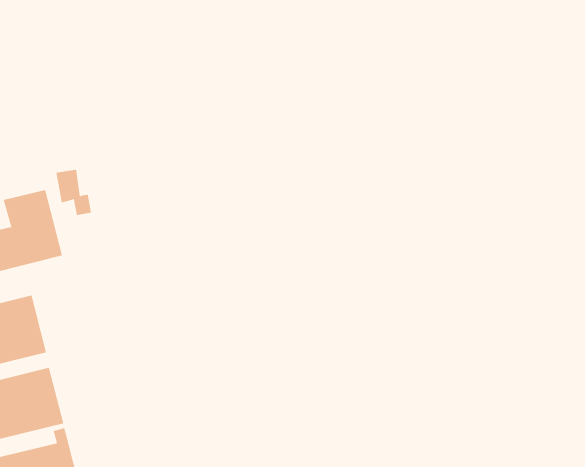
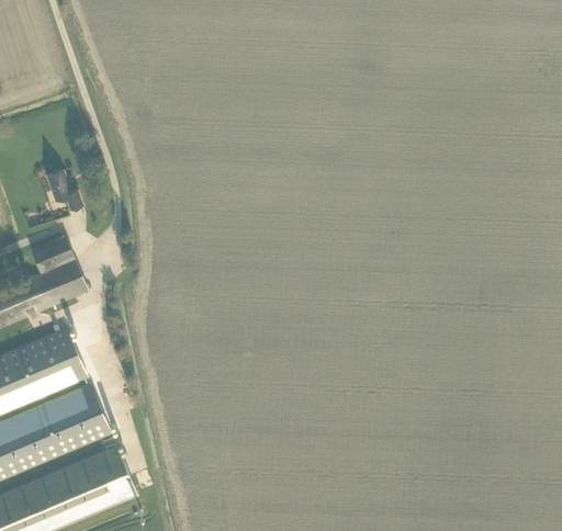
building: [56,169,92,216] -> [45,170,81,210]

